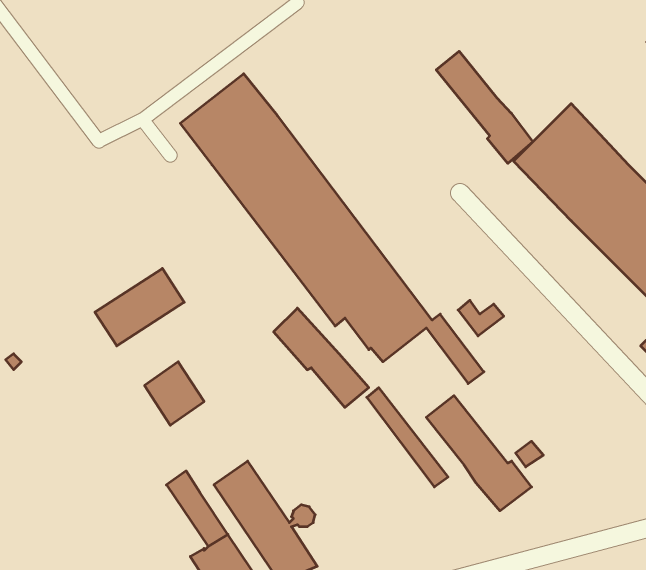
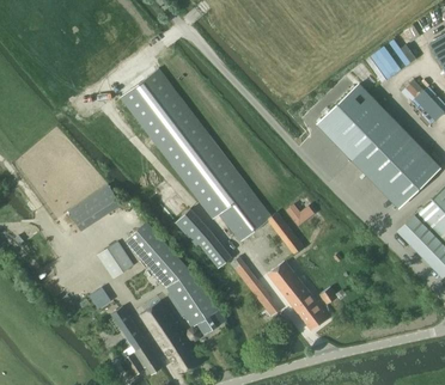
building: [436,51,533,163] -> none
building: none -> [126,222,227,336]

